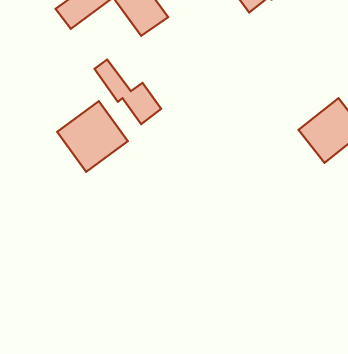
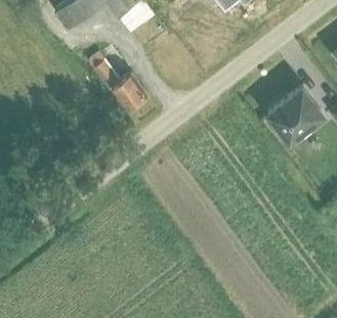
building: [57,101,128,172] -> none

